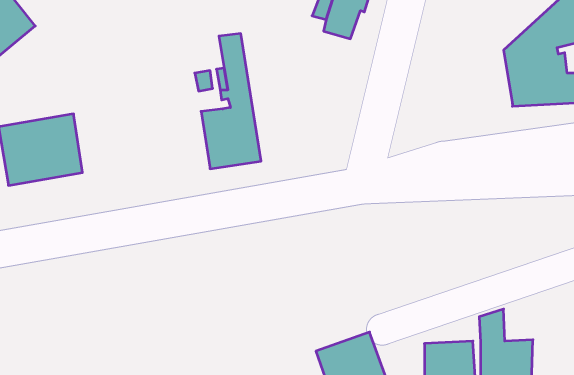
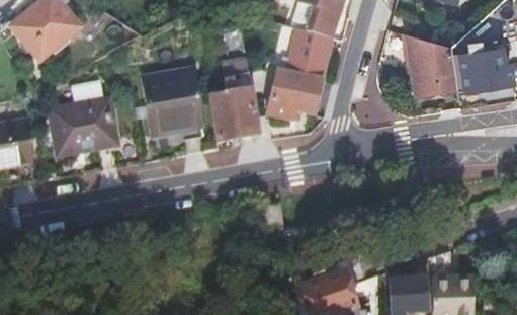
building: none -> [267,28,331,120]
building: none -> [405,33,457,95]
building: none -> [145,70,203,136]

